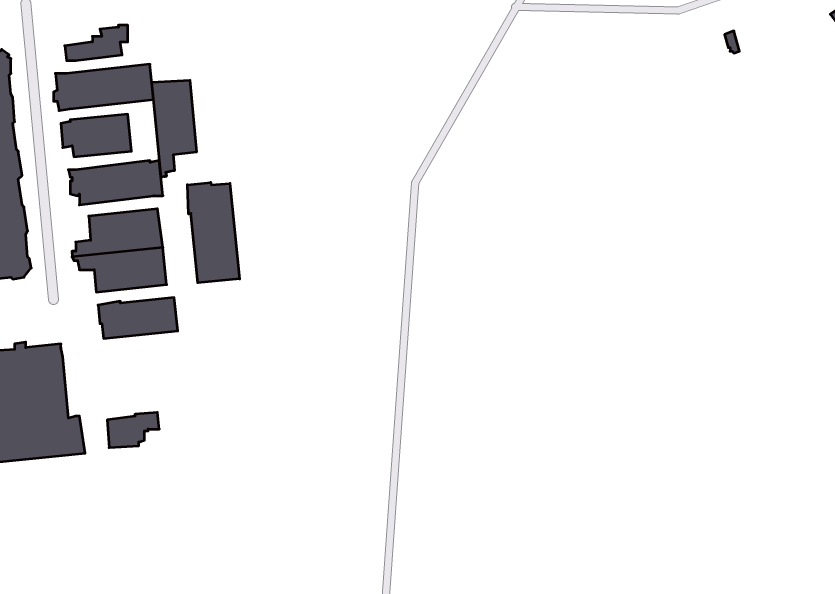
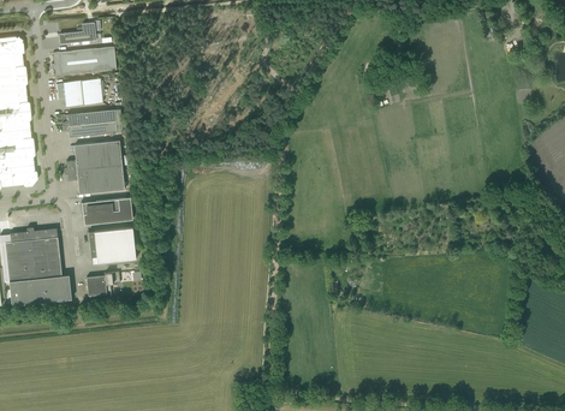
building: [152,80,196,177] -> none
building: [187,182,240,283] -> none
building: none -> [88,226,136,262]

